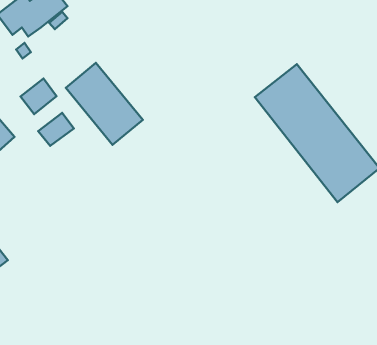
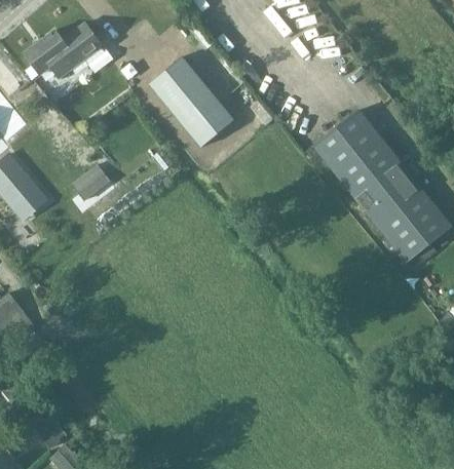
building: [66,63,143,145] -> [148,56,234,148]
building: [20,78,56,114] -> none

